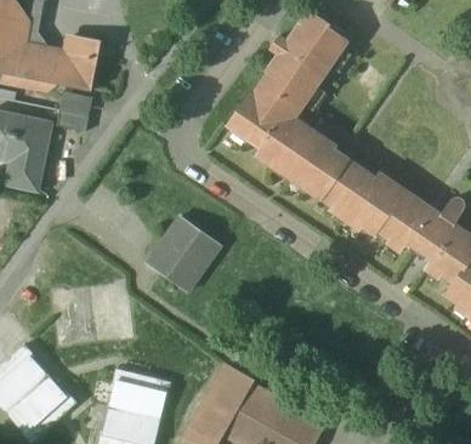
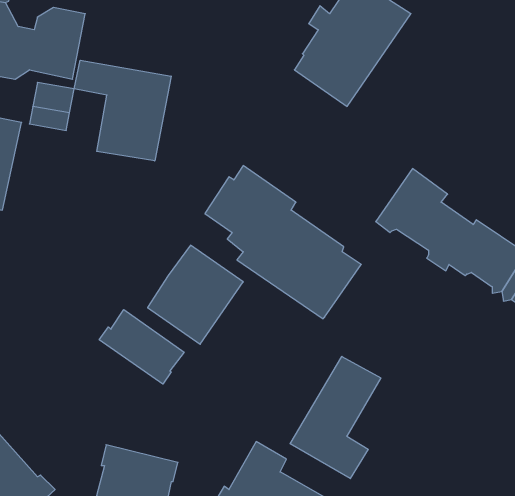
building: none -> [74,60,171,161]
building: [231,82,350,199] -> [205,166,361,319]
building: none -> [99,310,184,384]
building: none -> [290,356,381,479]

